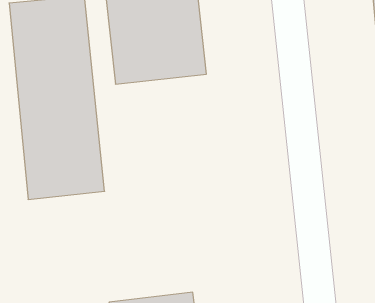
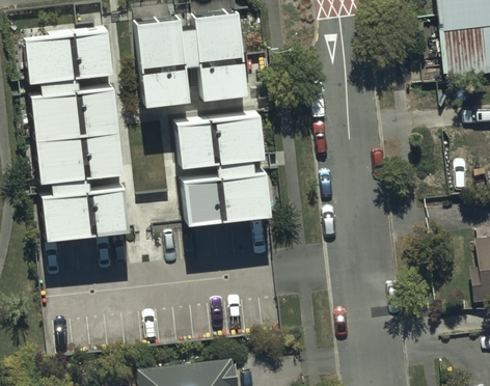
building: none -> [174,114,272,240]

